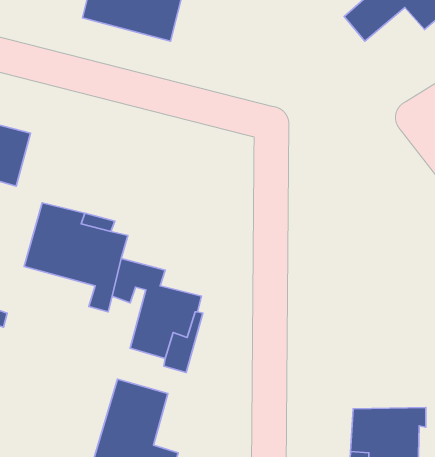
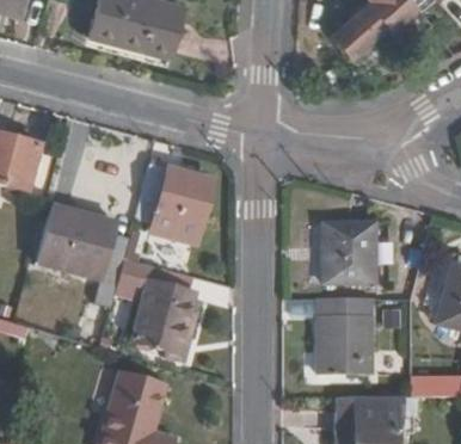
building: none -> [135,161,215,246]
building: none -> [322,222,375,284]
building: none -> [319,298,371,374]

